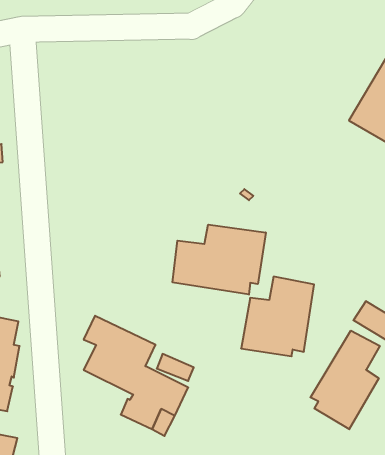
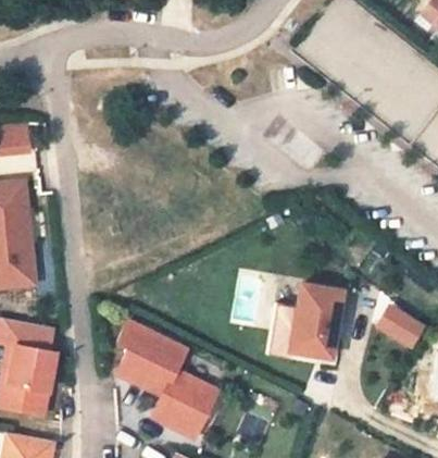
building: [173,225,266,295] -> none
building: [310,331,380,429] -> none

